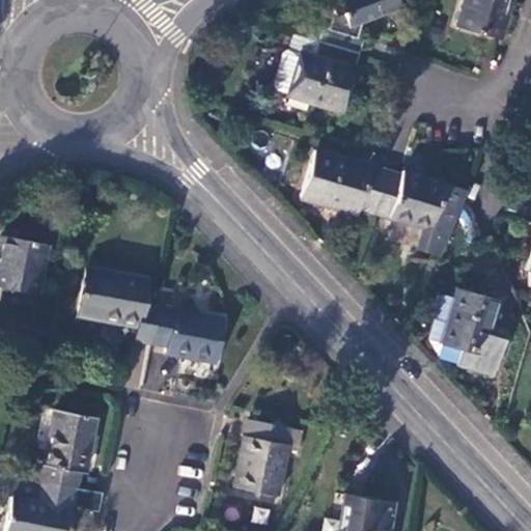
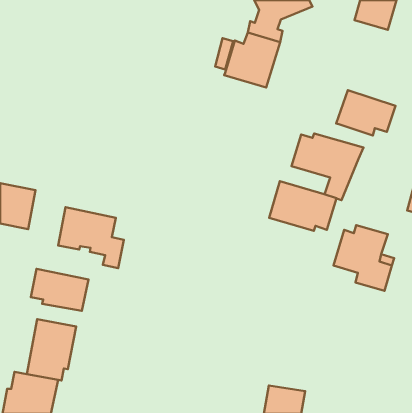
building: none -> [336,90,396,136]
building: [302,151,388,215] -> [269,181,336,231]
building: [153,308,227,362] -> [31,269,88,311]
building: [236,420,292,496] -> none

